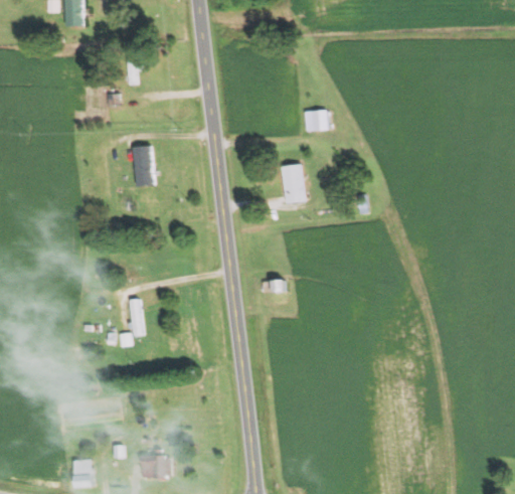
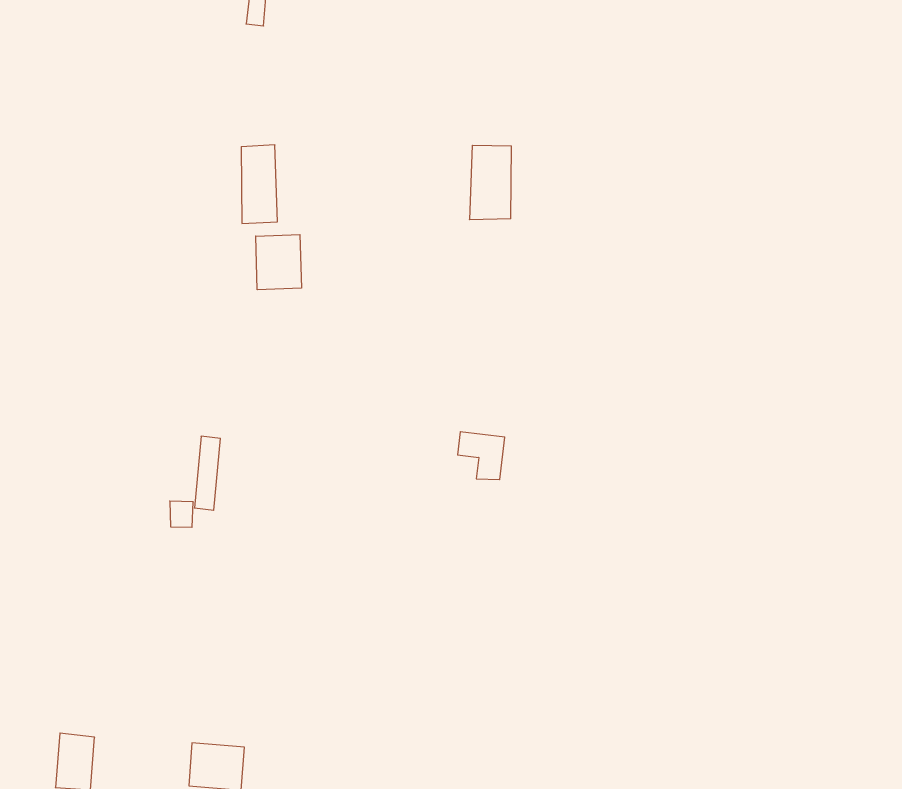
building: [304,109,329,131] -> none
building: [283,163,307,203] -> [469,145,511,220]
building: none -> [256,235,301,290]

